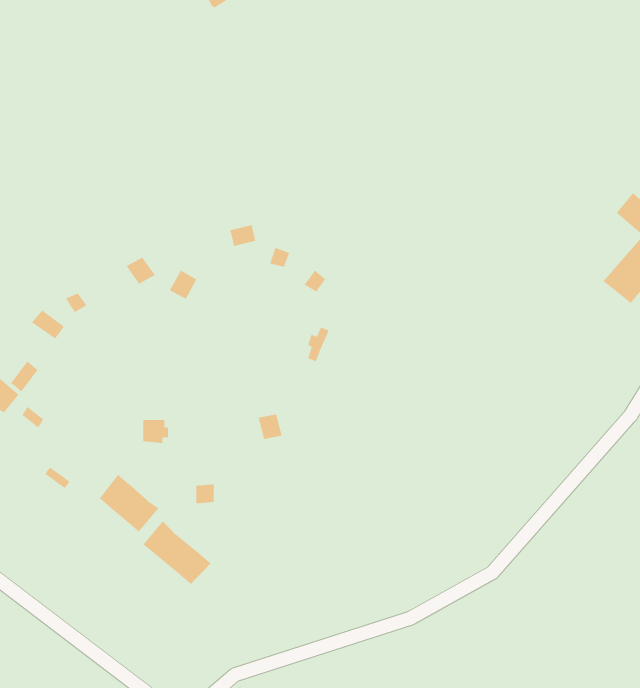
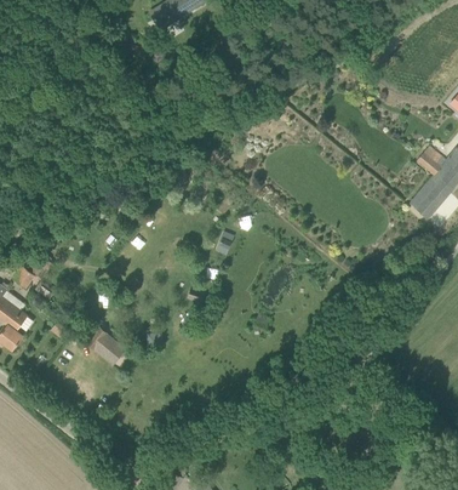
building: [142,521,211,585] -> none

